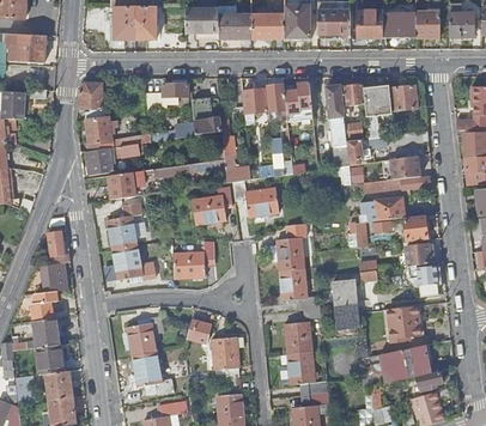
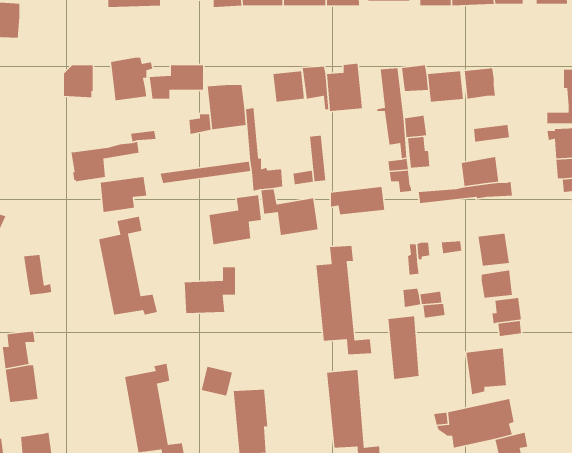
building: [85,116,119,151] -> [110,57,153,101]
building: [362,197,405,220] -> [330,186,385,215]
building: [41,262,67,292] -> none
building: [36,345,63,375] -> none

